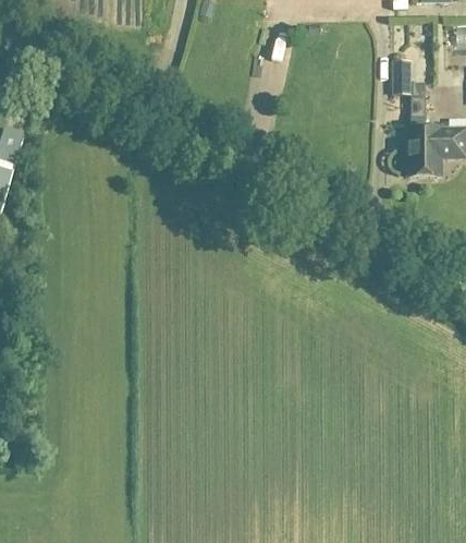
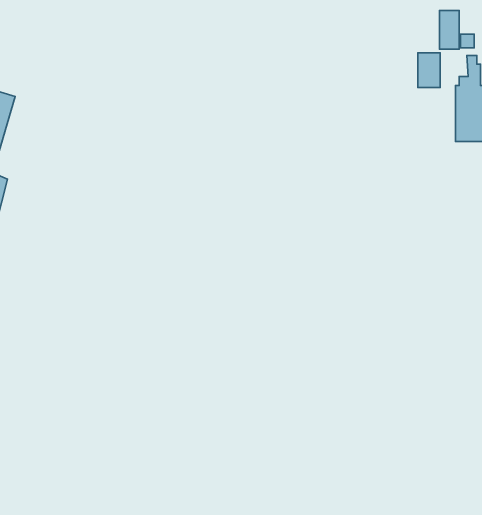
building: none -> [418,53,440,88]

